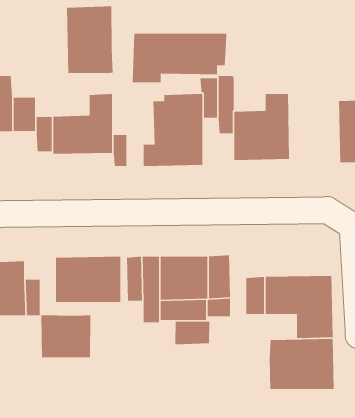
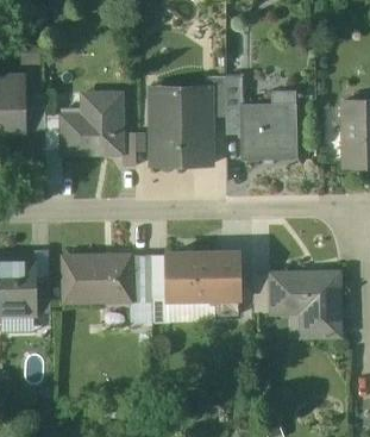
building: [66,5,113,74] -> none
building: [132,33,227,83] -> none
building: [41,315,91,358] -> none
building: [174,321,210,345] -> none
building: [269,338,334,390] -> none

